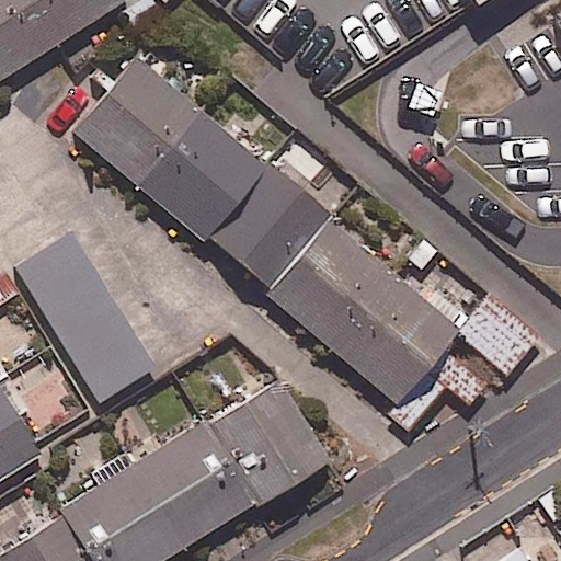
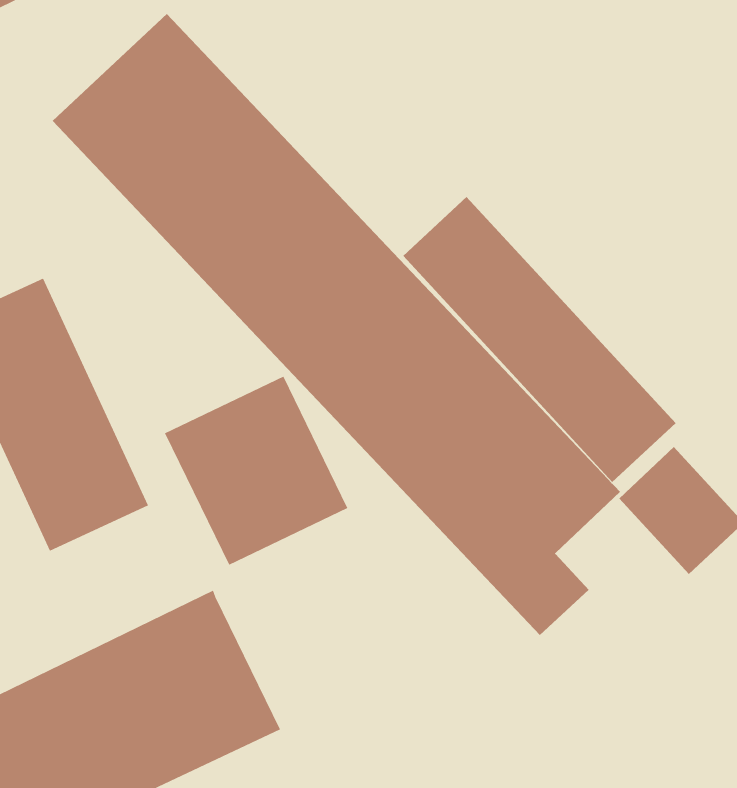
building: none -> [402,196,676,483]
building: [208,378,331,503] -> [164,376,348,565]

